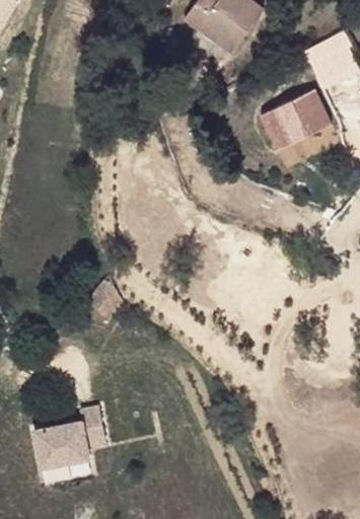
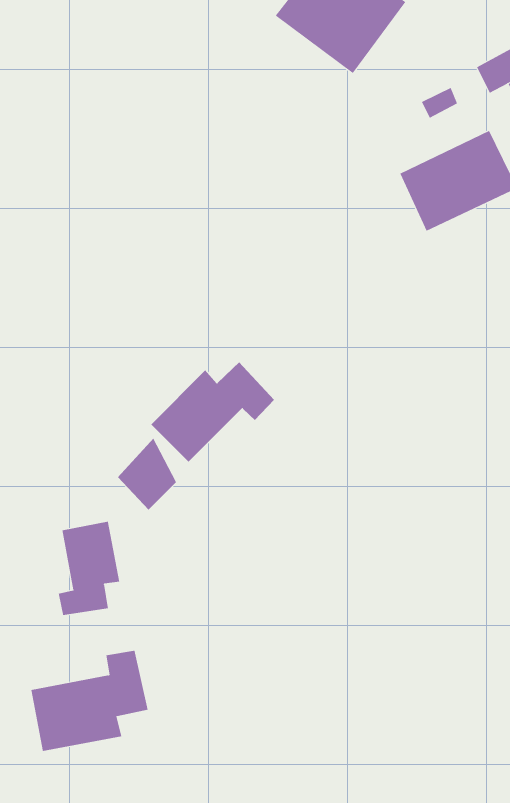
building: none -> [151,361,275,462]
building: none -> [58,521,120,616]

